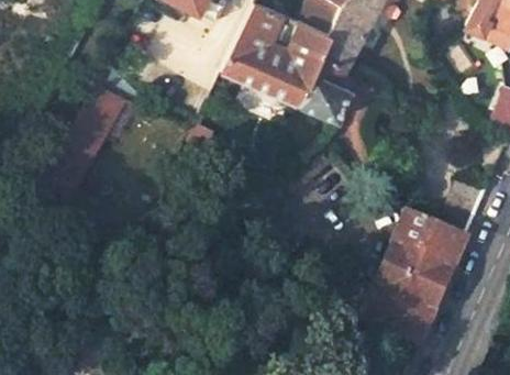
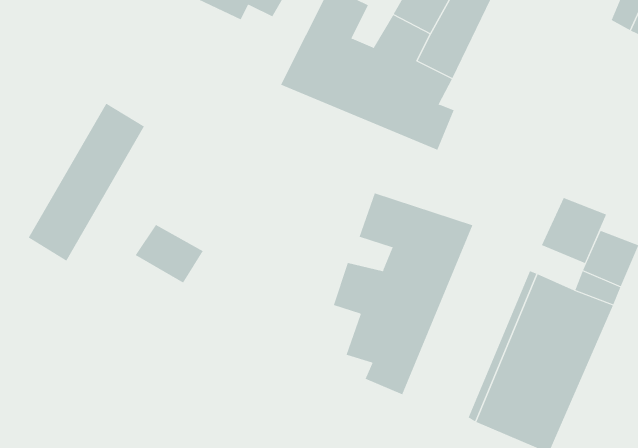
building: none -> [333,193,473,395]
building: none -> [541,197,607,264]
building: none -> [135,224,203,284]

